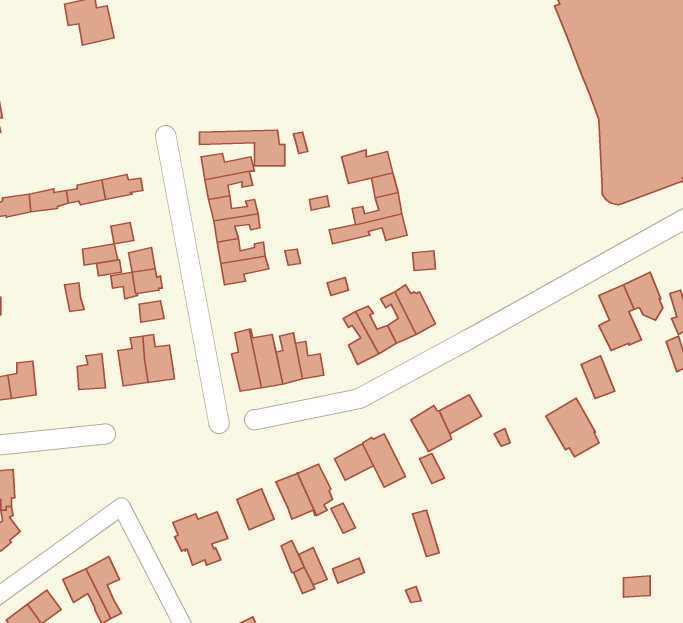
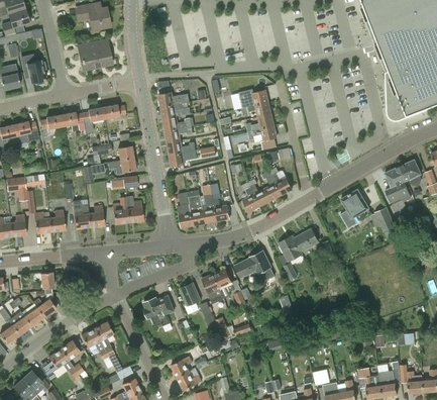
building: none -> [79,39,112,70]
building: none -> [73,200,90,228]
building: [546,398,599,457] -> [341,189,371,222]

